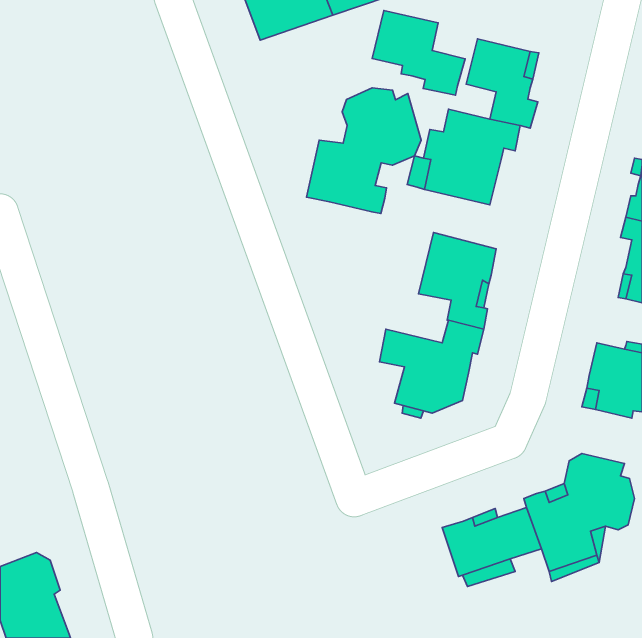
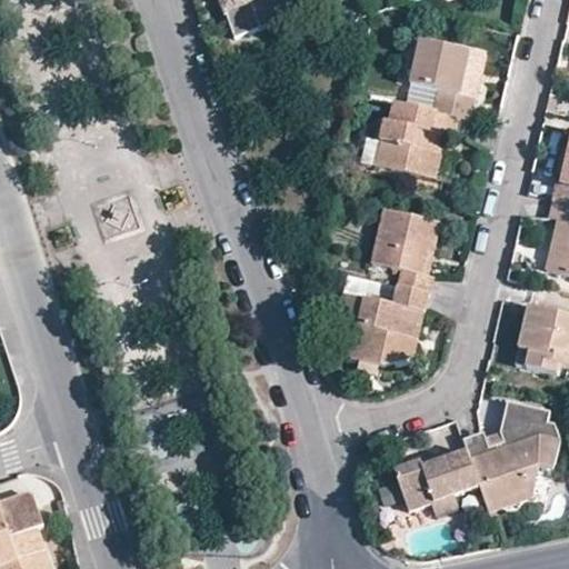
building: [372,10,465,95] -> none
building: [307,88,421,213] -> none

